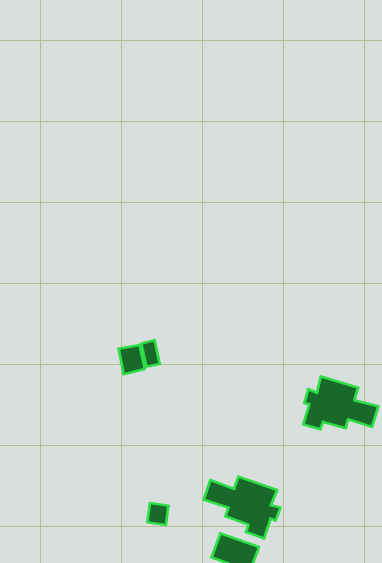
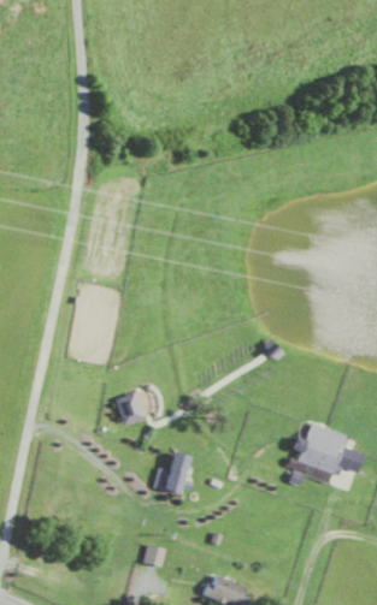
building: none -> [153,450,192,493]
building: [204,477,280,539] -> none

